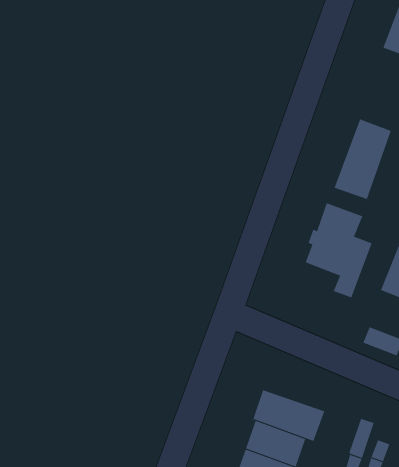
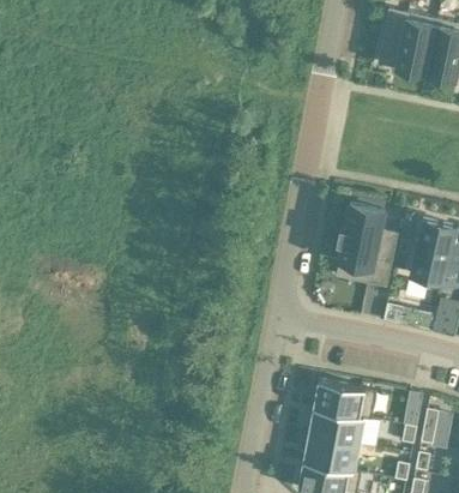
building: [334,118,391,200] -> none

